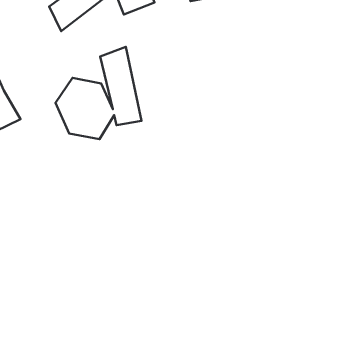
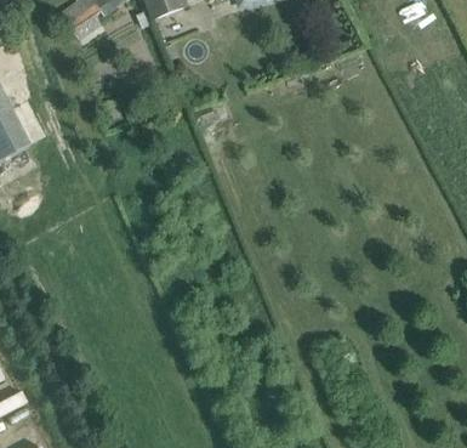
building: [55,47,142,139] -> none

